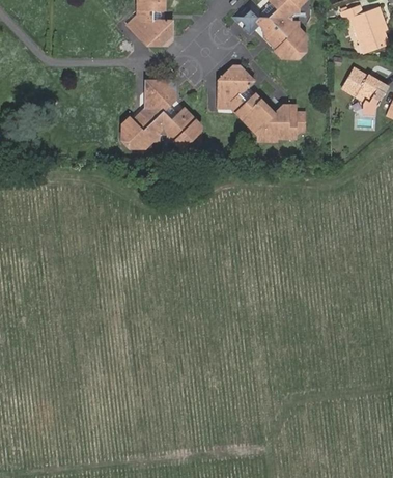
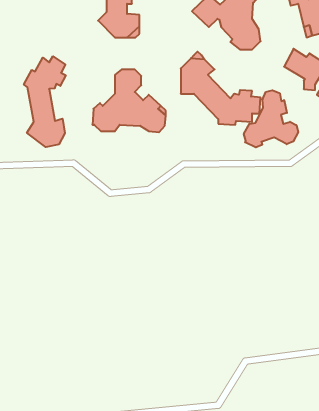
building: none -> [24,56,66,147]
building: none -> [244,90,298,147]

